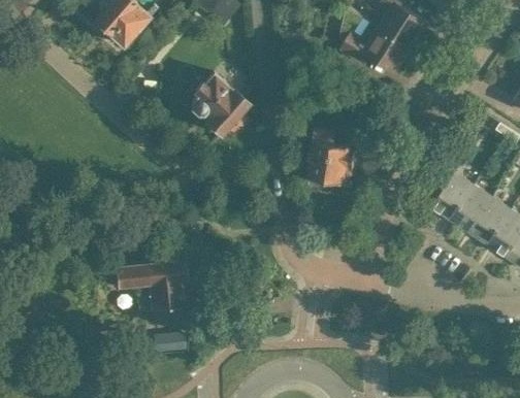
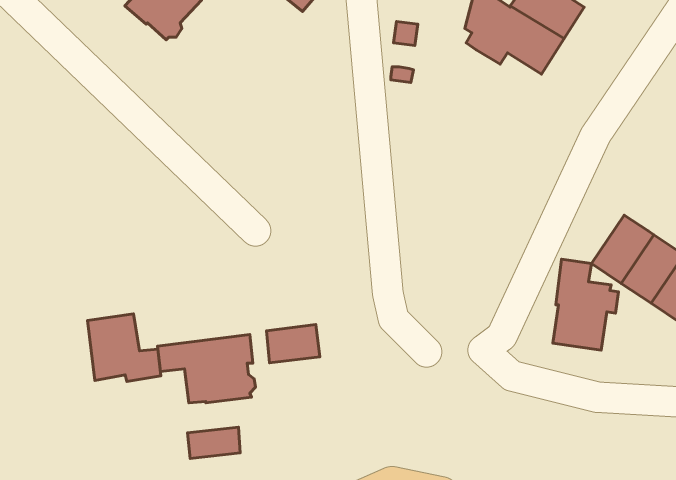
building: [193,73,250,134] -> none
building: [311,129,358,195] -> [553,259,618,350]
building: none -> [88,314,161,382]
building: none -> [267,325,320,363]

